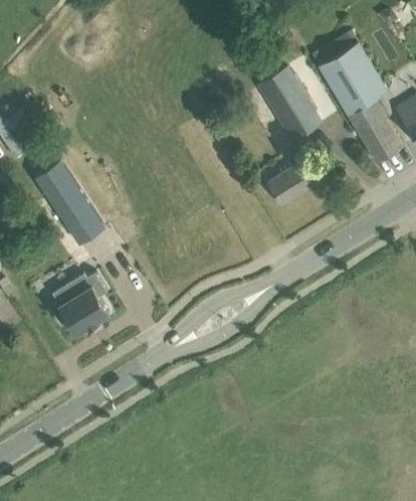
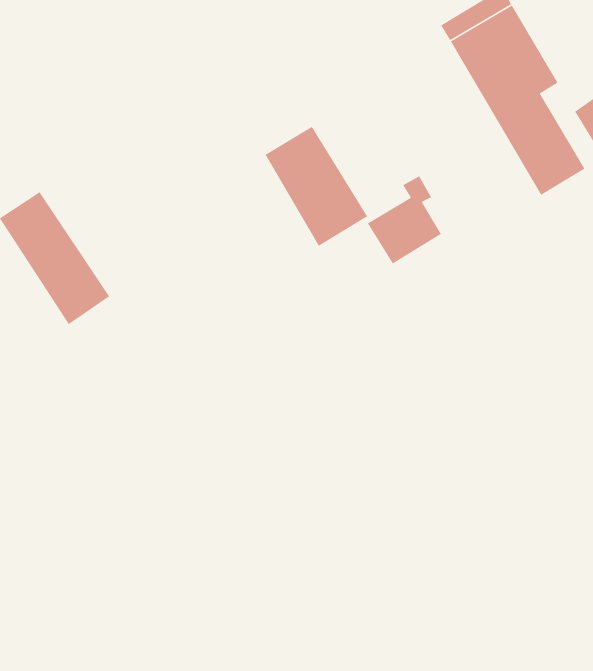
building: [257,66,323,143] -> [264,126,368,247]
building: [49,274,109,333] -> none

